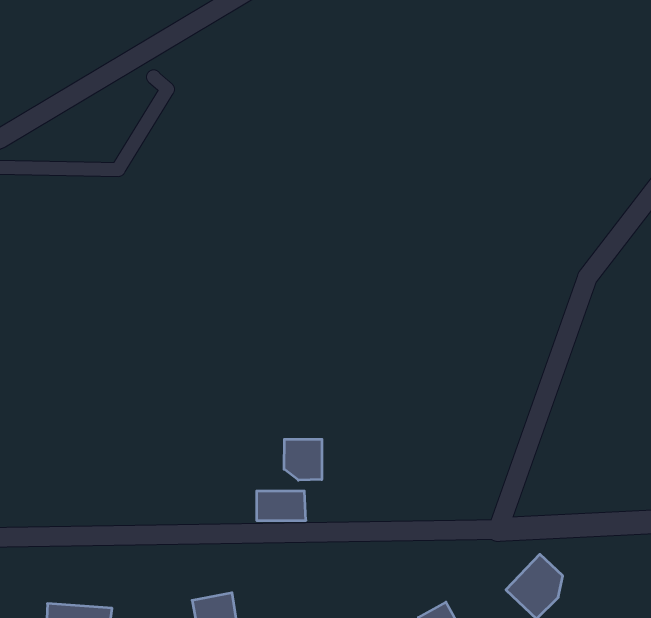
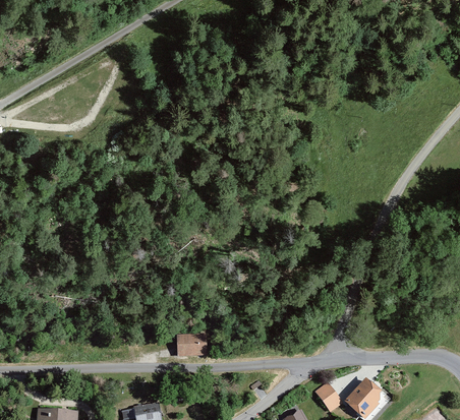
building: [284,439,322,480] -> none
building: none -> [312,383,342,414]

